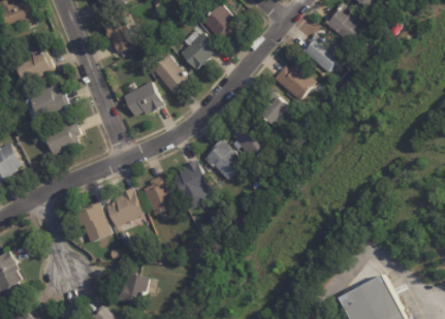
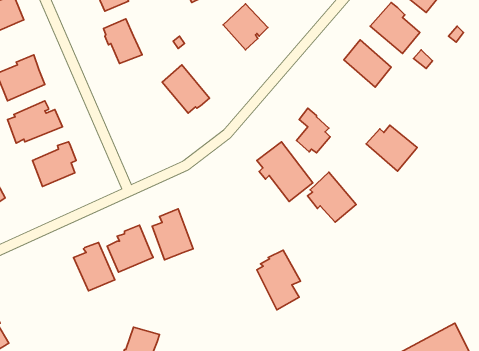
building: [178,31,217,71] -> none
building: [273,63,315,101] -> [366,125,417,171]
building: [122,82,162,117] -> none
building: [202,139,243,181] -> [308,172,356,222]
building: [173,160,210,210] -> [257,250,301,310]

